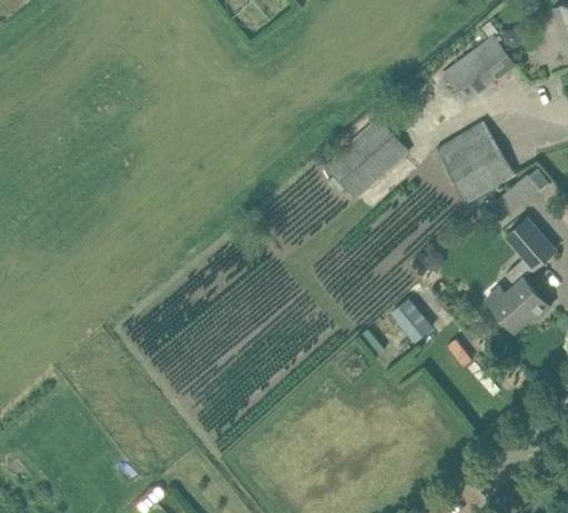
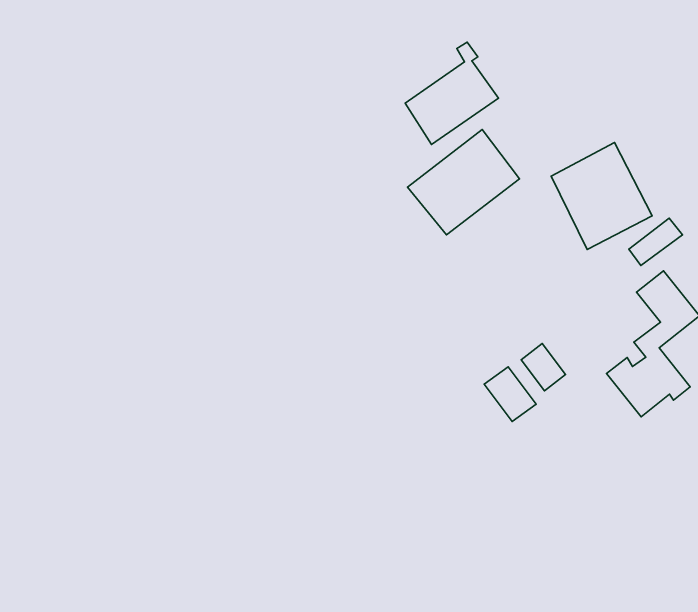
building: [444,23,516,104] -> [405,42,498,145]
building: none -> [521,344,565,391]

